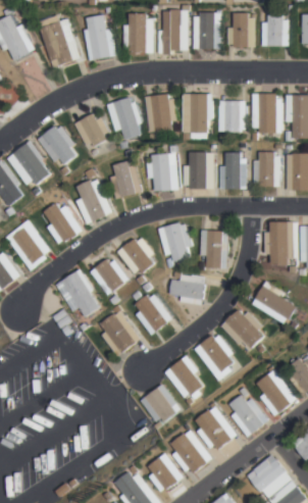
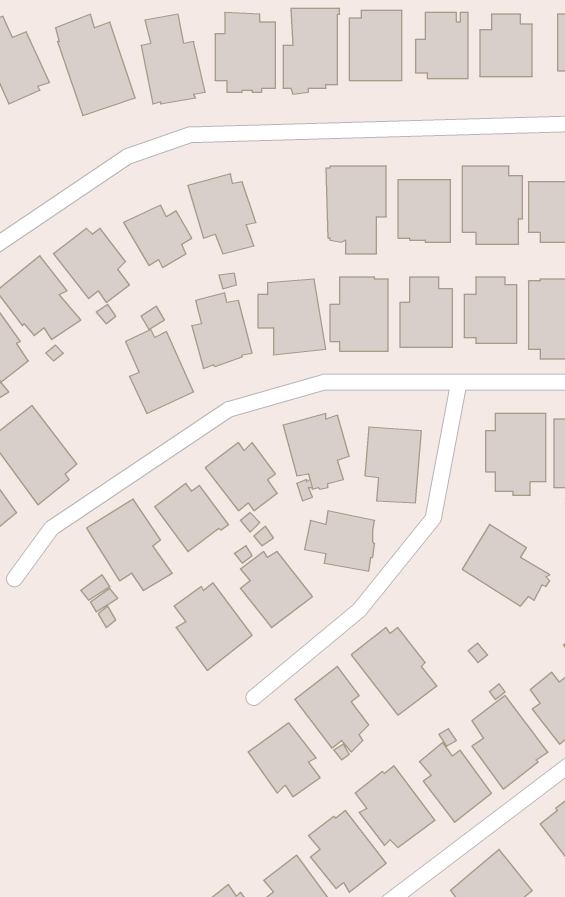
building: [143,93,175,133] -> none
building: [42,202,82,243] -> none
building: [219,310,262,349] -> none

